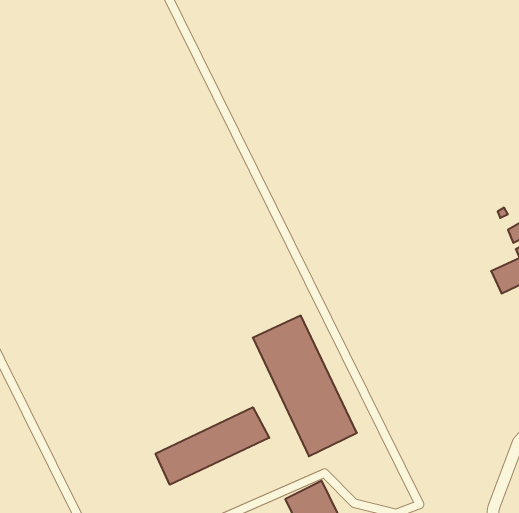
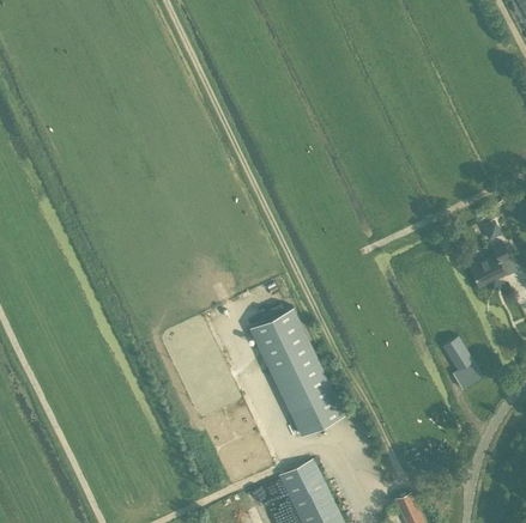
building: none -> [442,337,482,390]
building: [156,407,269,485] -> none

